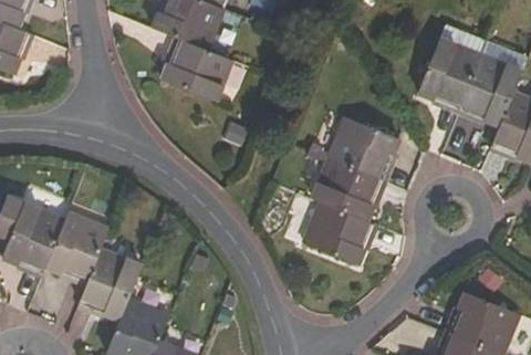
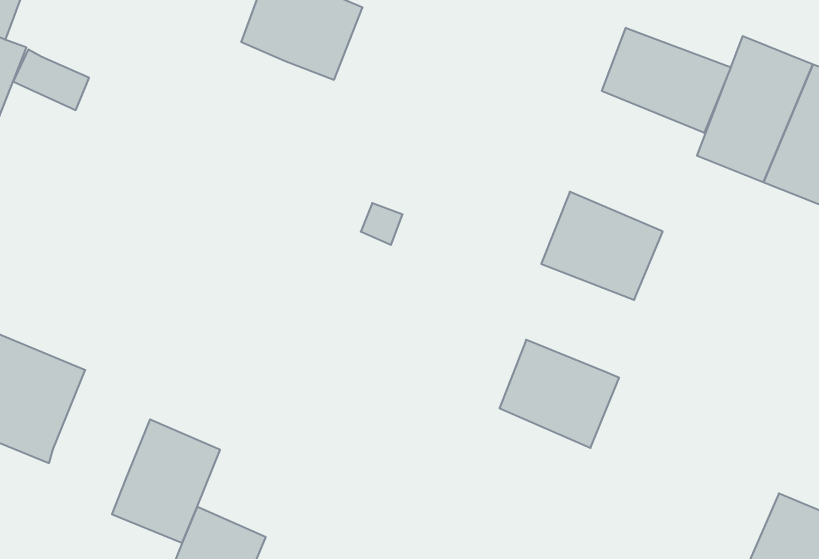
building: none -> [602,28,731,133]
building: [163,39,233,101] -> none
building: [312,157,383,220] -> none
building: [44,211,108,283] -> none

